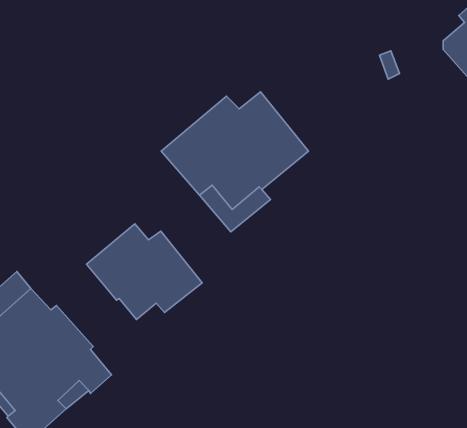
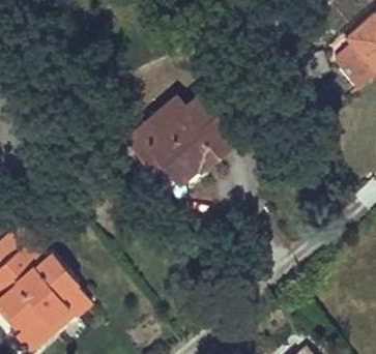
building: [86,224,202,320] -> none

